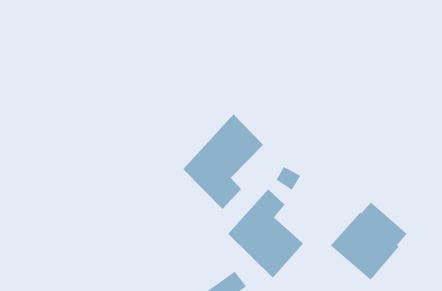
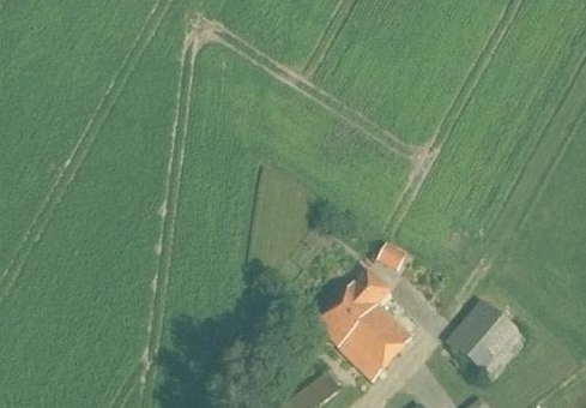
building: [182,114,264,210] -> none

